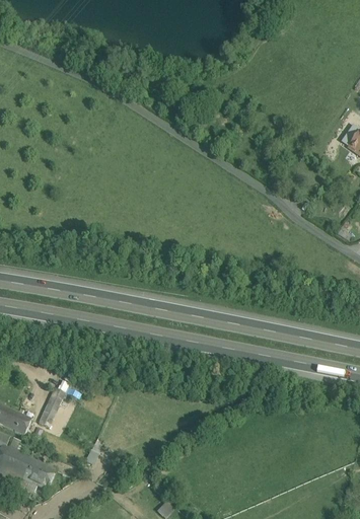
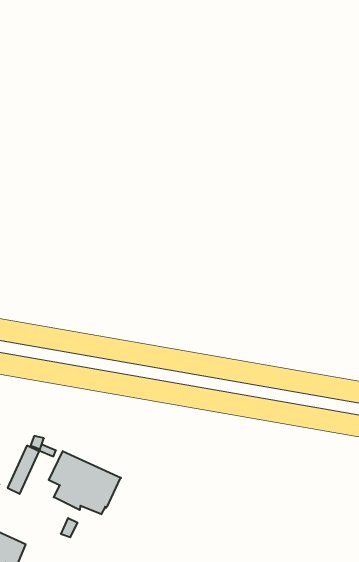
building: none -> [49,451,121,514]

